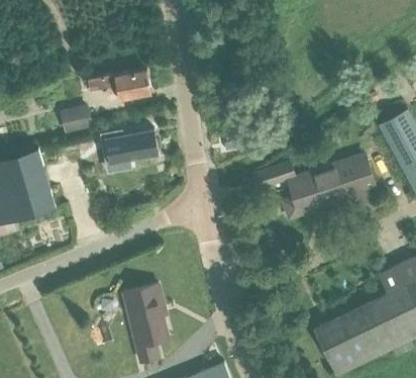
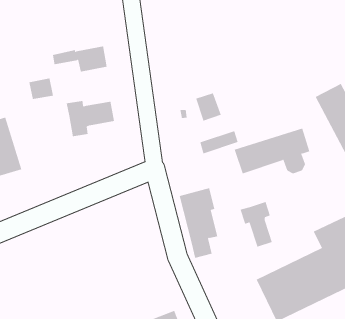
building: none -> [196,92,222,121]
building: none -> [240,201,273,247]
building: [123,284,167,363] -> [179,187,218,258]

